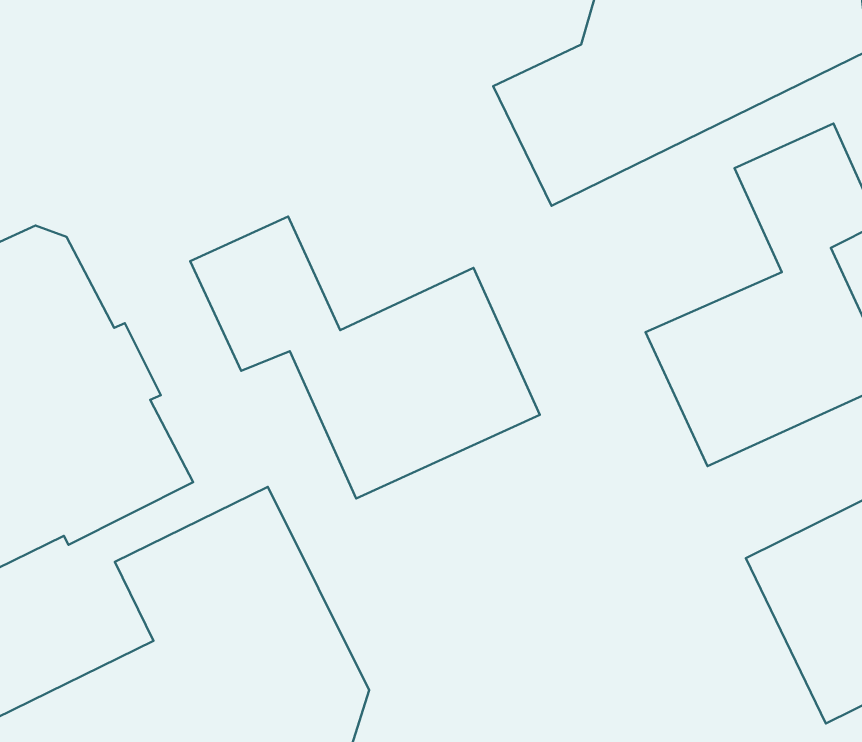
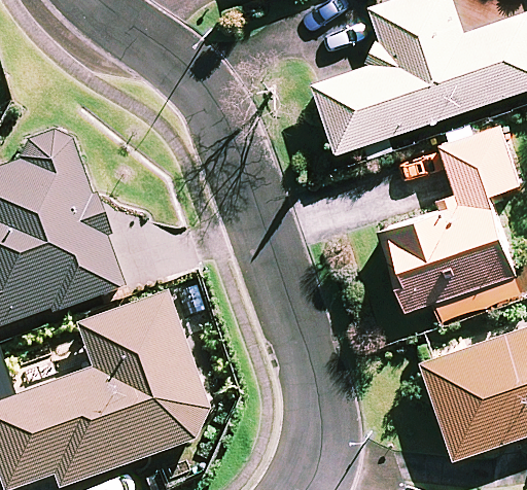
building: [190,217,540,498] -> none

